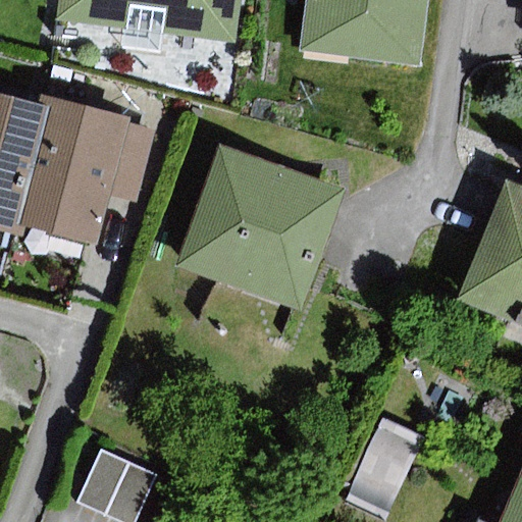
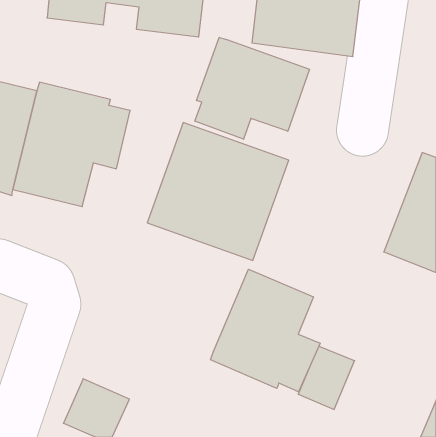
building: none -> [195,37,310,139]
building: none -> [210,269,320,392]

